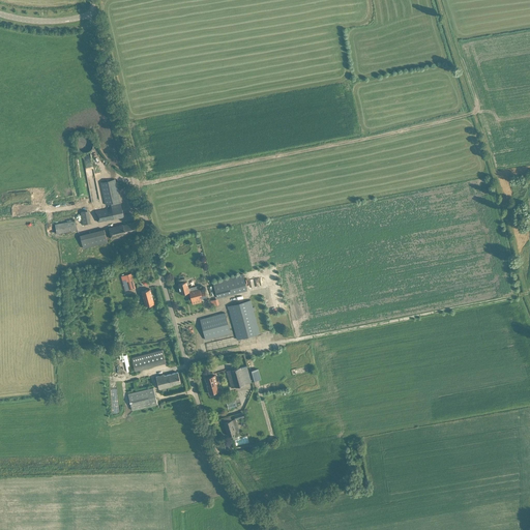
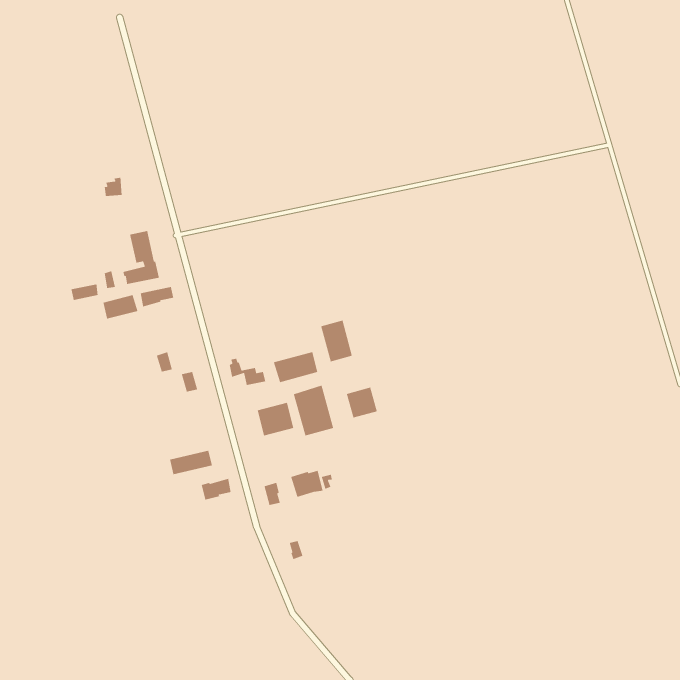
building: none -> [320,319,353,363]
building: none -> [346,387,378,419]
building: [127,387,157,411] -> none

